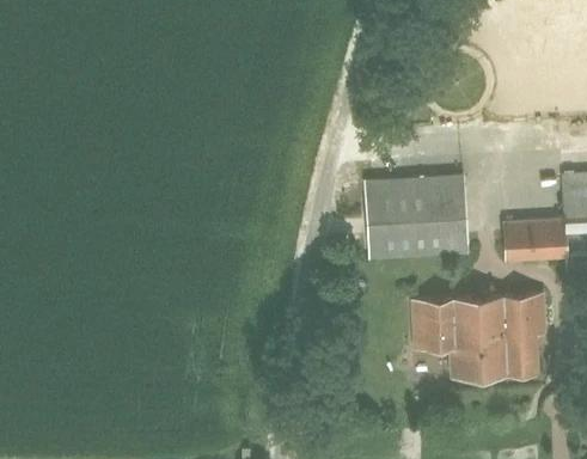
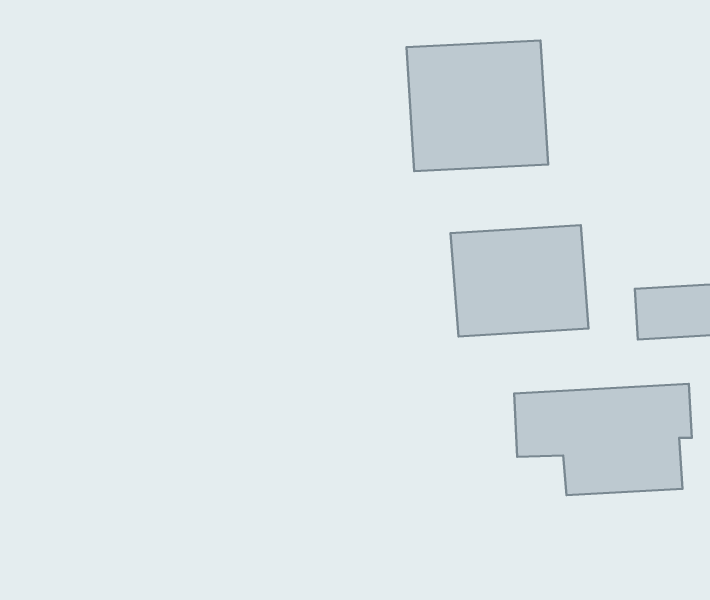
building: none -> [407,40,548,171]

